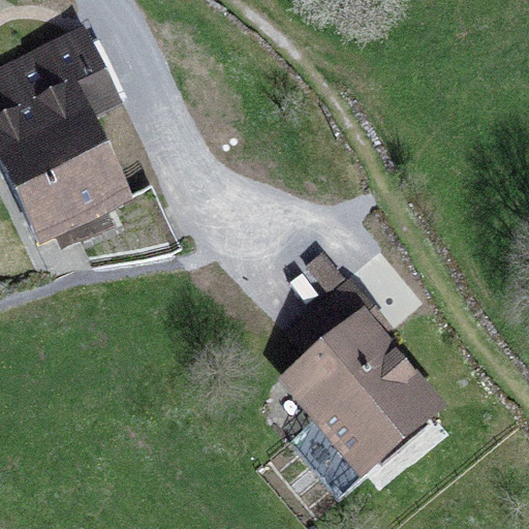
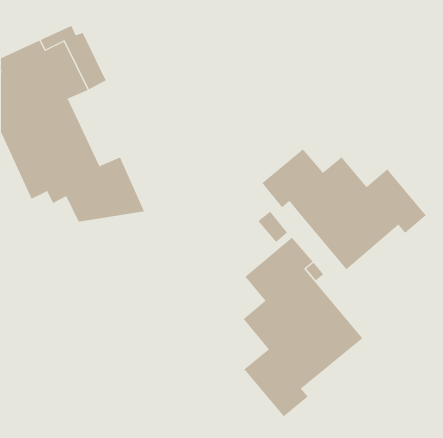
building: none -> [262,148,426,270]

